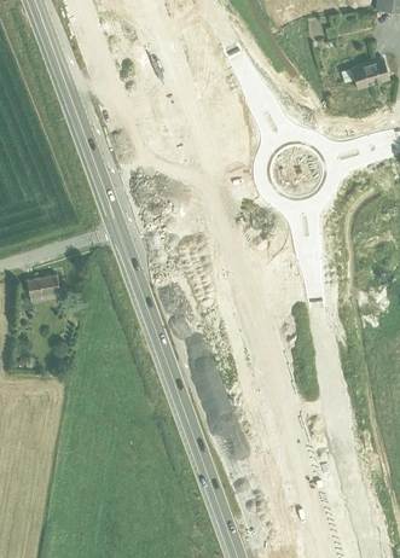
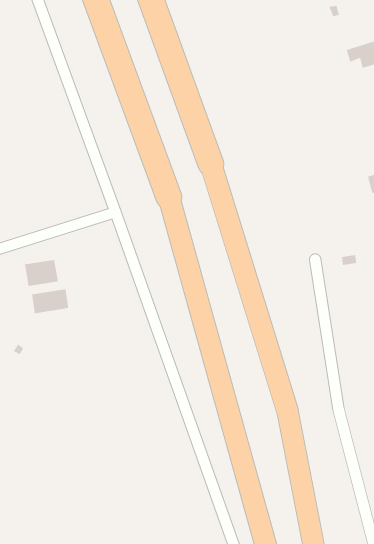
building: none -> [32,288,69,314]

